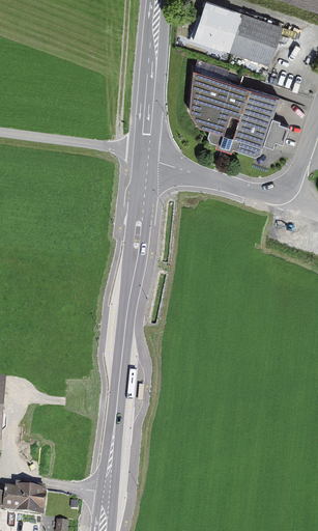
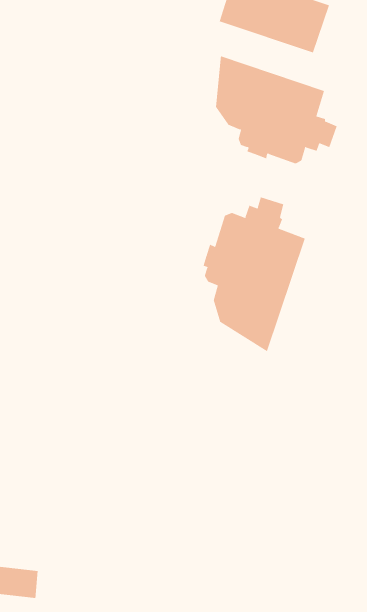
building: none -> [203,196,306,352]

